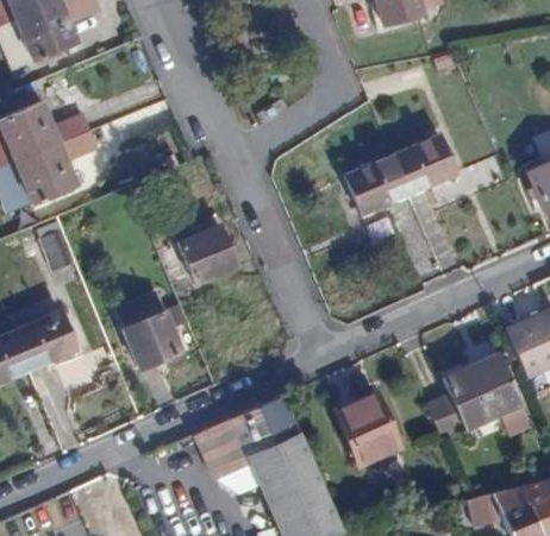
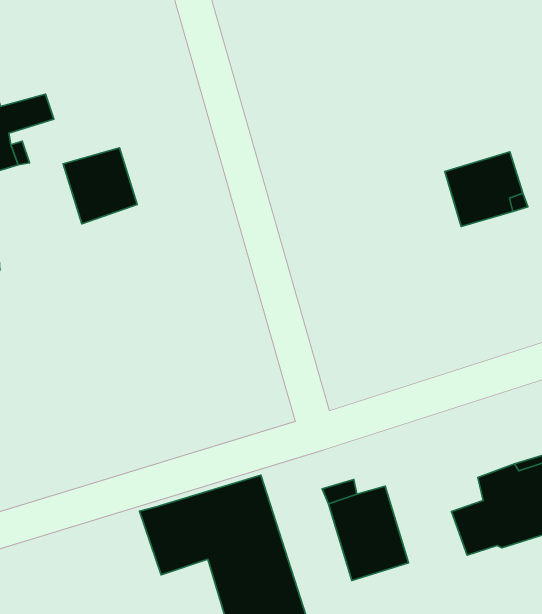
building: [345,155,411,214] -> none
building: [179,225,237,284] -> [63,148,137,224]
building: [115,292,183,370] -> none

